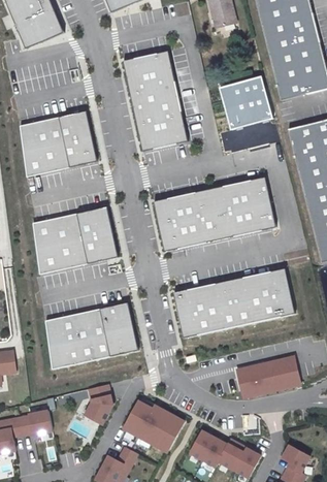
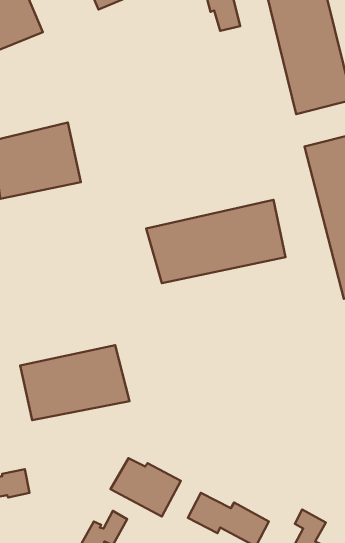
building: [123,52,186,150] -> none
building: [218,76,269,129] -> none
building: [31,206,117,274] -> none
building: [172,268,294,336] -> none
building: [236,356,299,397] -> none
building: [84,384,110,424] -> none

